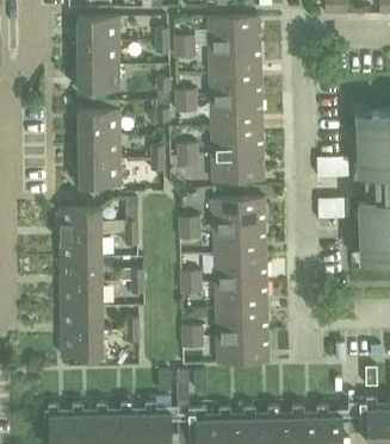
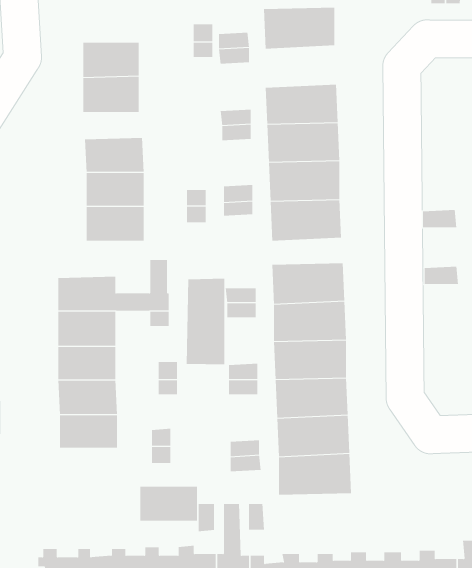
building: [76,17,118,42] -> none
building: [208,44,259,74] -> none
building: none -> [186,278,225,365]
building: [61,331,103,356] -> [139,486,198,521]

